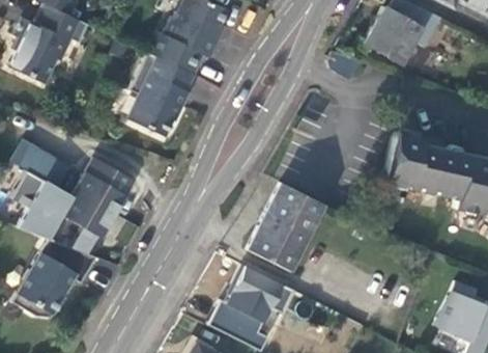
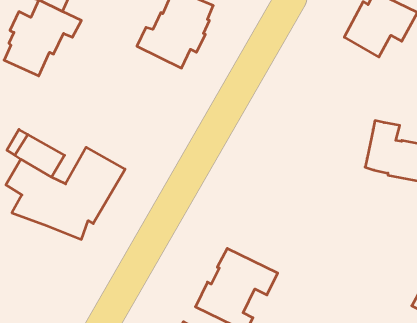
building: [127,52,194,136] -> none
building: [248,182,322,270] -> none
building: [10,240,96,317] -> none

